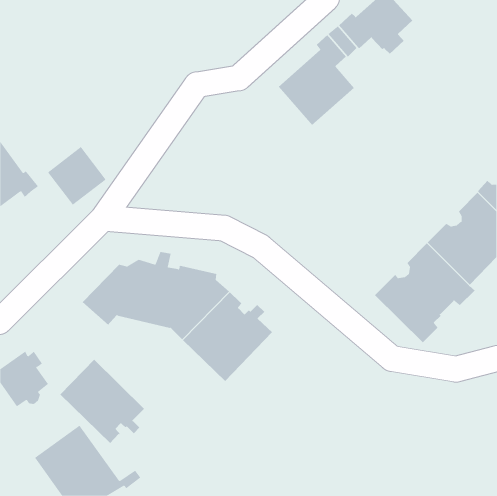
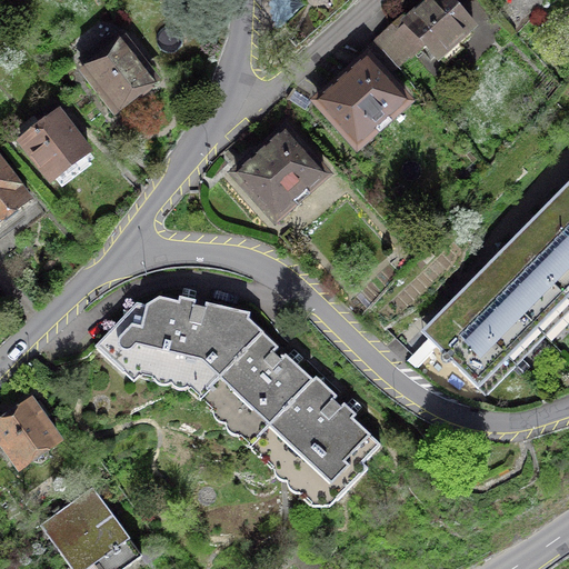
building: none -> [79,30,151,106]
building: none -> [234,129,323,217]
building: [47,146,106,206] -> [19,111,87,179]
building: none -> [257,376,379,499]
building: [59,359,145,444] -> none

